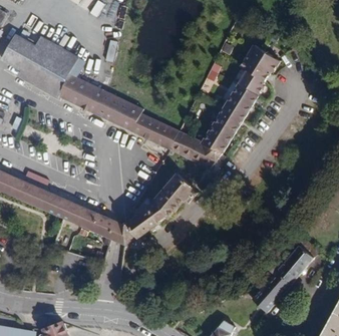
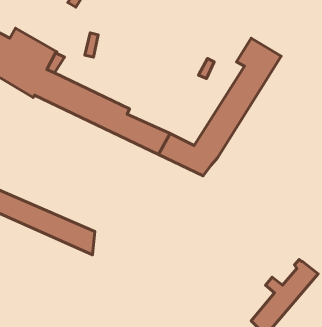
building: [119,173,194,246] -> none

